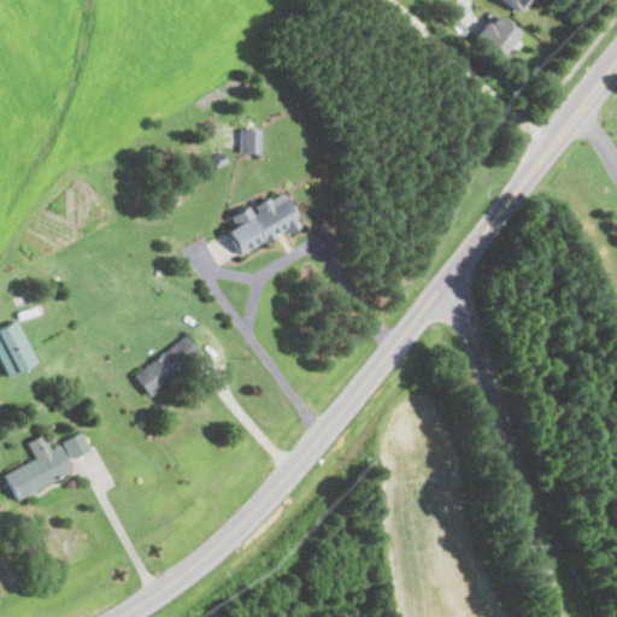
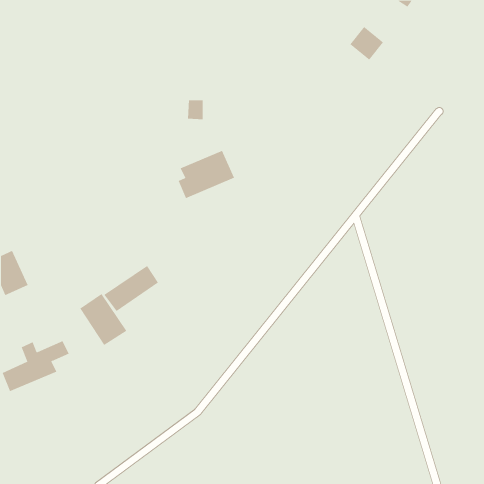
building: [476,13,519,57] -> [350,26,384,60]
building: none -> [79,293,127,346]

